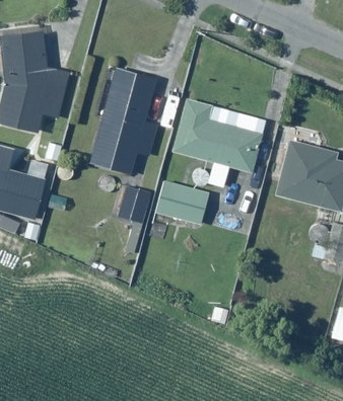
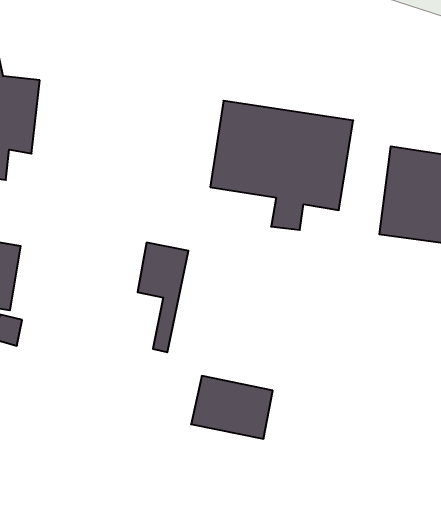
building: [89,66,160,172] -> none
building: [155,179,210,224] -> [191,376,273,439]

